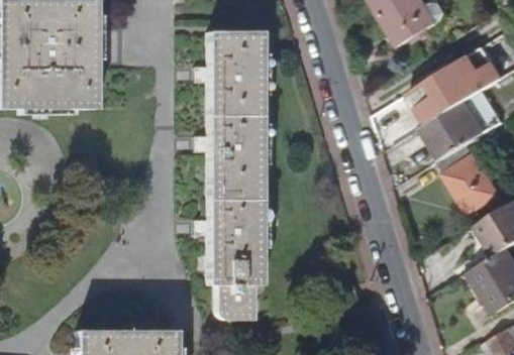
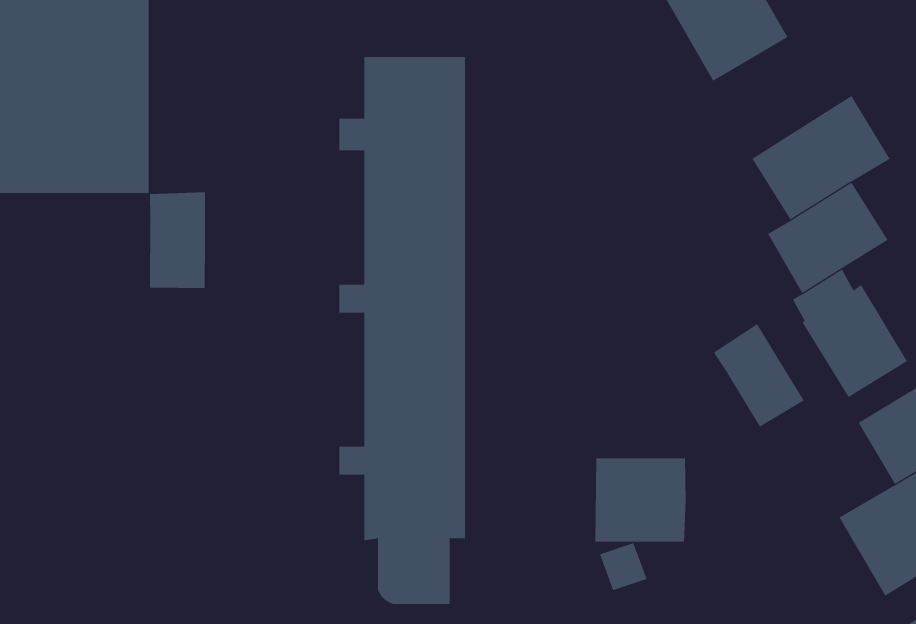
building: none -> [149,192,205,289]
building: none -> [713,323,805,428]
building: none -> [595,458,686,543]

